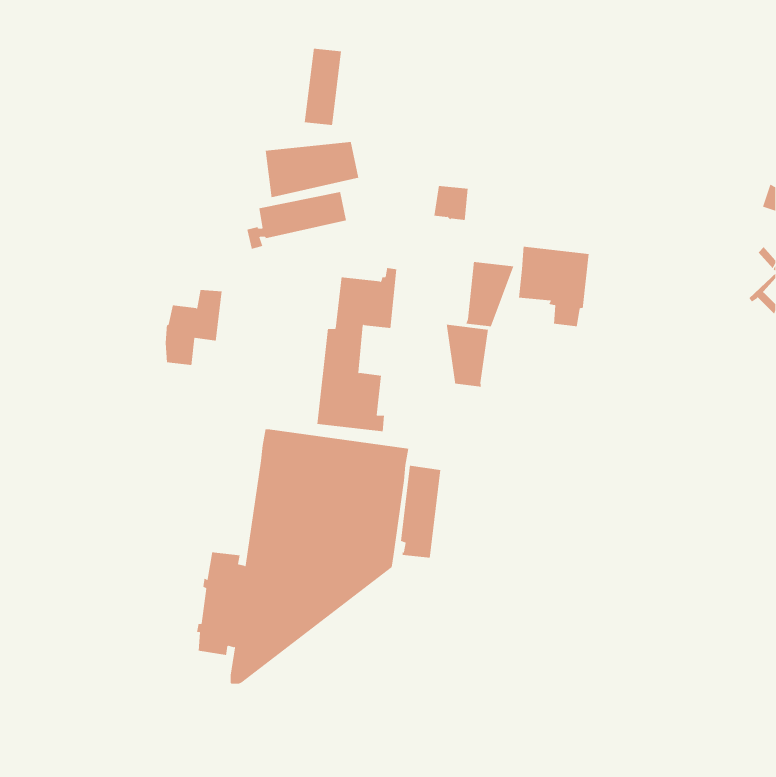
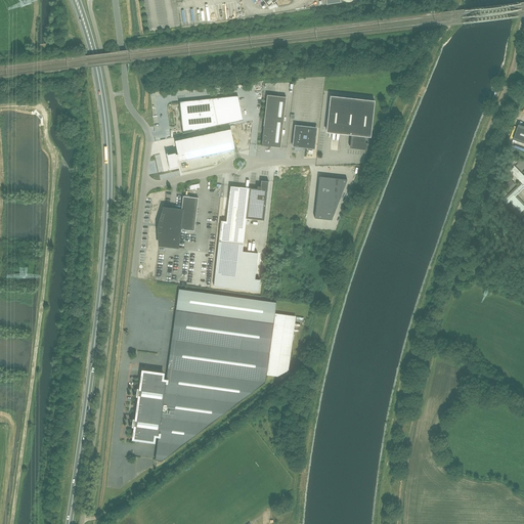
building: [304,48,342,126] -> [260,95,286,147]
building: [518,246,590,327] -> [325,95,374,149]
building: [165,290,223,366] -> [159,196,198,248]
building: [446,324,488,387] -> none

